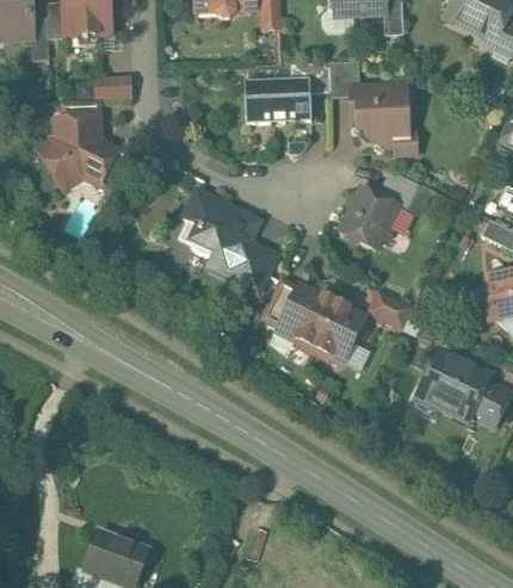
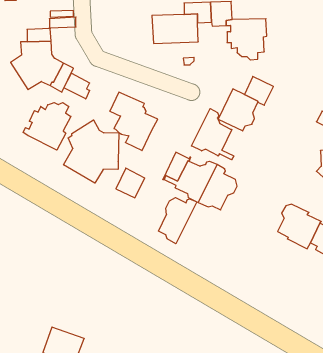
building: none -> [64,73,90,99]
building: none -> [23,103,71,150]
building: none -> [191,109,234,160]
building: none -> [64,120,119,183]
building: [229,247,271,290] -> [116,168,145,198]
building: [366,290,413,330] -> none
building: none -> [158,198,197,244]

